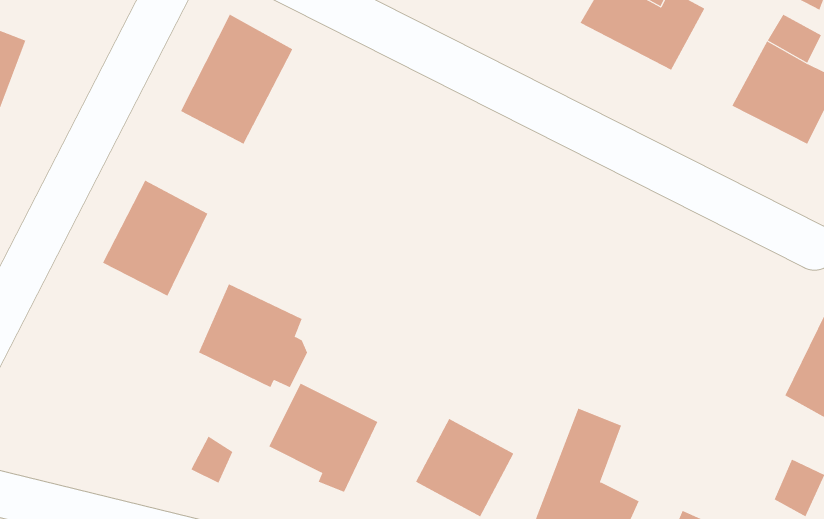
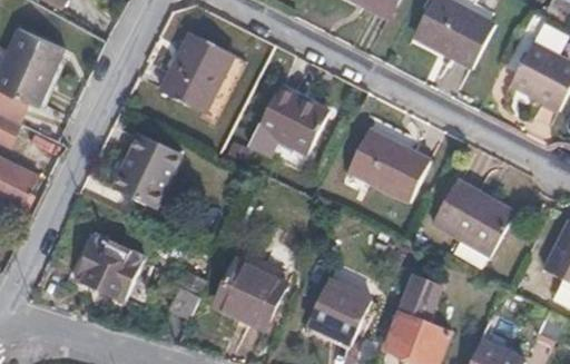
building: none -> [255,83,326,153]
building: none -> [344,128,426,203]
building: none -> [430,178,511,256]
building: [198,284,308,388] -> [76,234,145,299]

